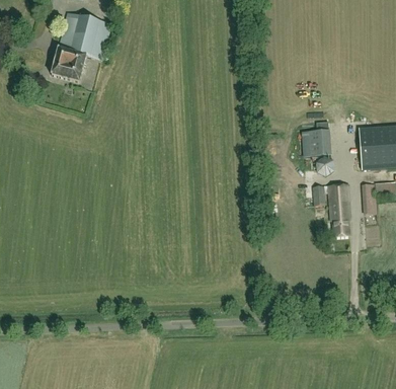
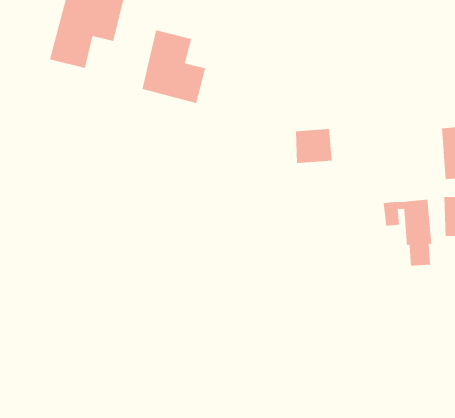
building: none -> [142,29,206,104]
building: [302,129,331,156] -> [295,128,333,163]

